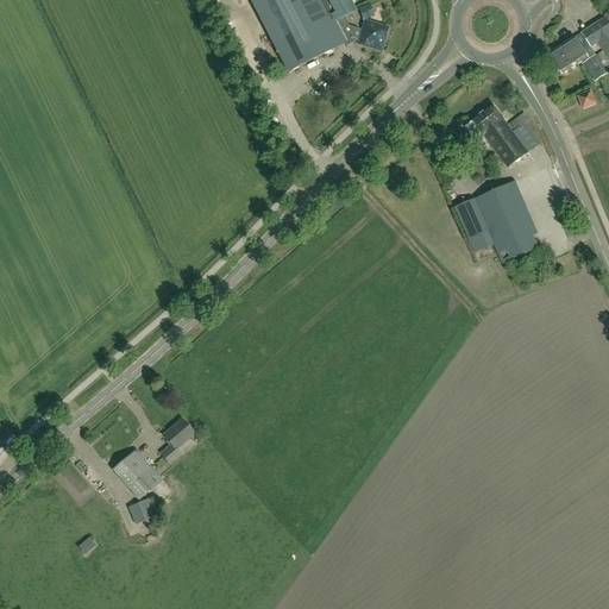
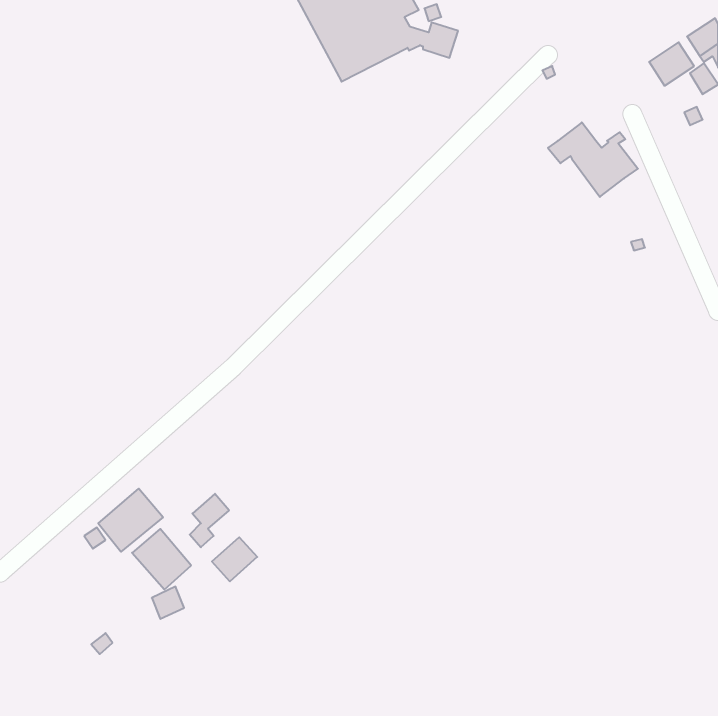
building: [456,182,539,263] -> none
building: none -> [98,489,163,552]
building: none -> [212,537,257,581]

